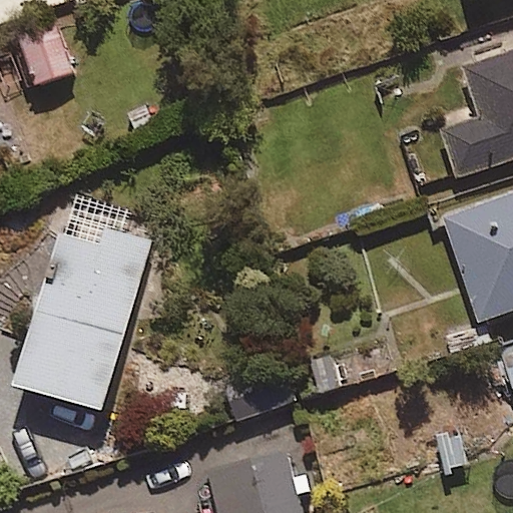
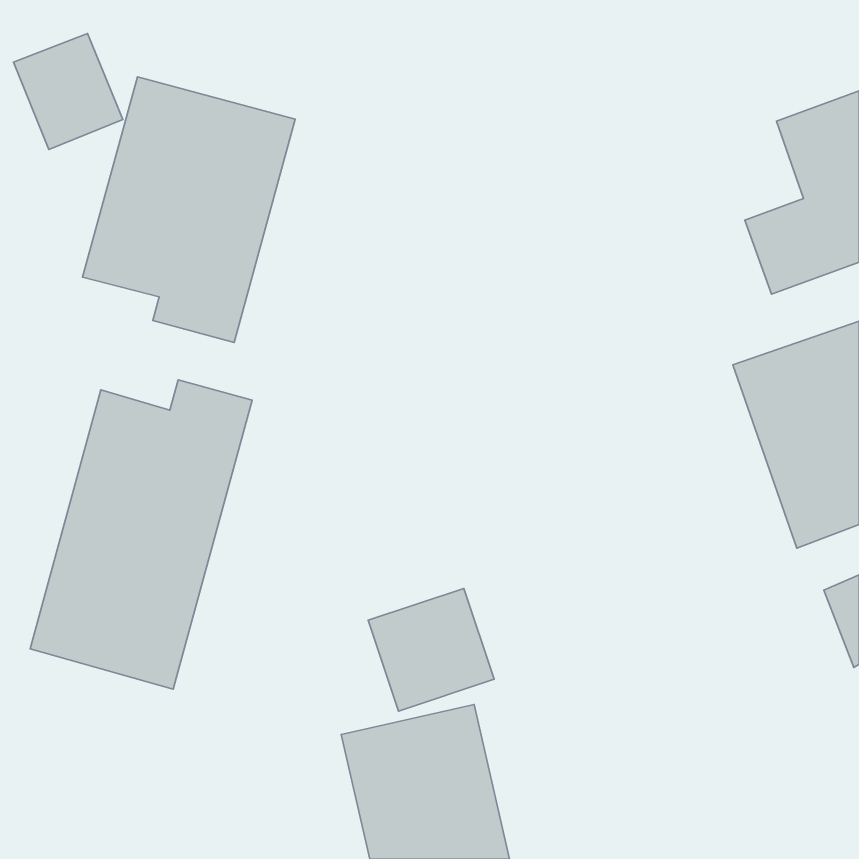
building: none -> [83,77,295,343]

